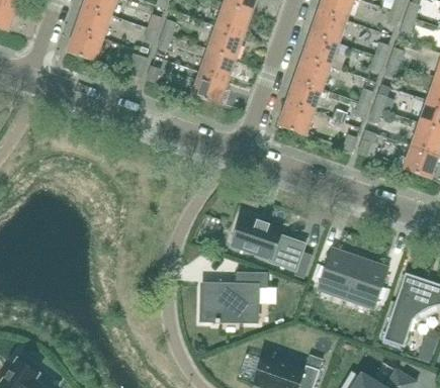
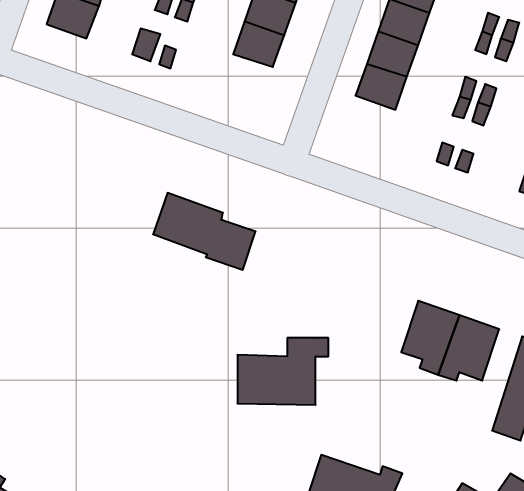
building: [191,72,228,104] -> none
building: [278,101,315,134] -> none
building: [232,215,304,270] -> [153,193,256,270]

